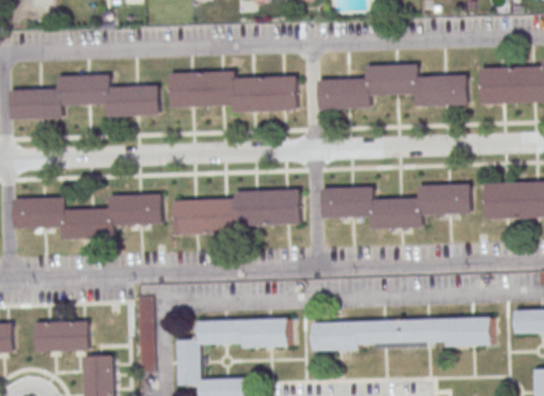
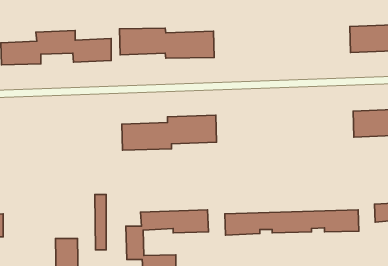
building: [319,63,468,109] -> none
building: [321,183,471,228] -> none
building: [13,194,163,239] -> none
building: [36,320,90,352] -> none

